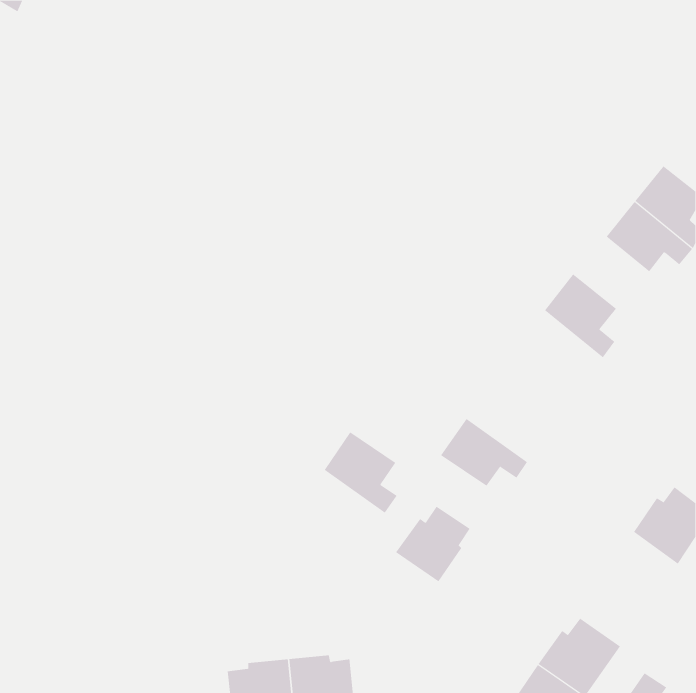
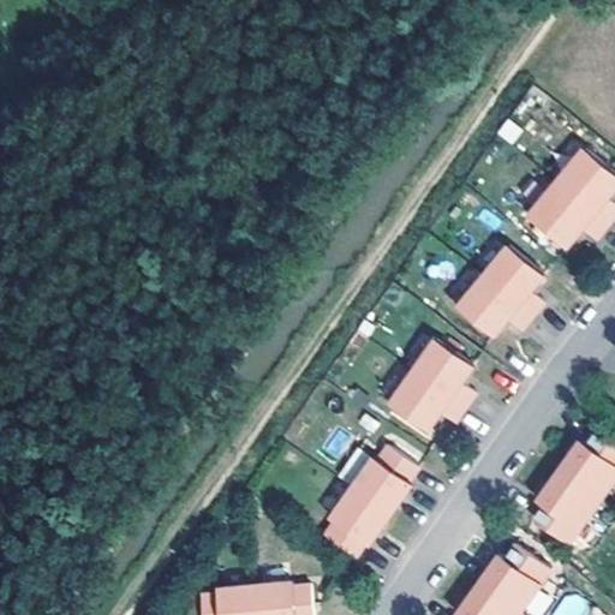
building: none -> [453,277,530,339]
building: [324,432,398,514] -> [410,339,474,411]
building: none -> [530,472,596,545]
building: none -> [321,490,386,559]

